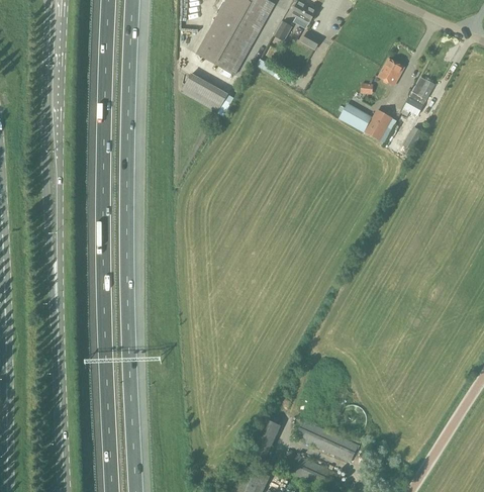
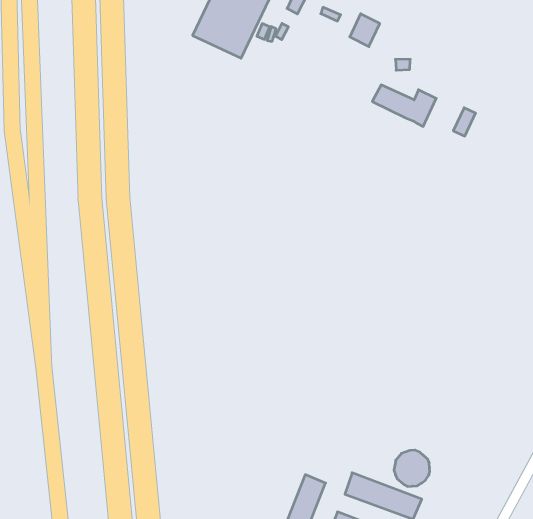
building: [379,57,404,84] -> [350,14,380,47]
building: [182,73,228,111] -> none
building: [401,76,434,115] -> none

